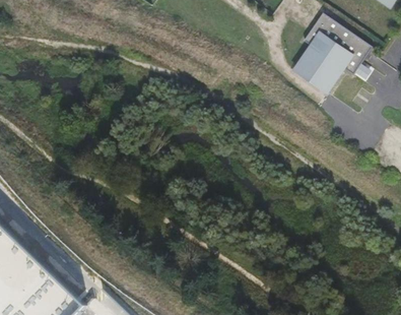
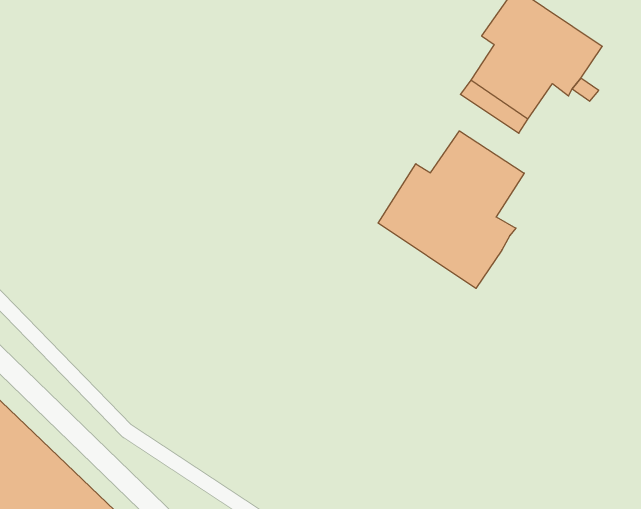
building: none -> [378,131,524,288]

